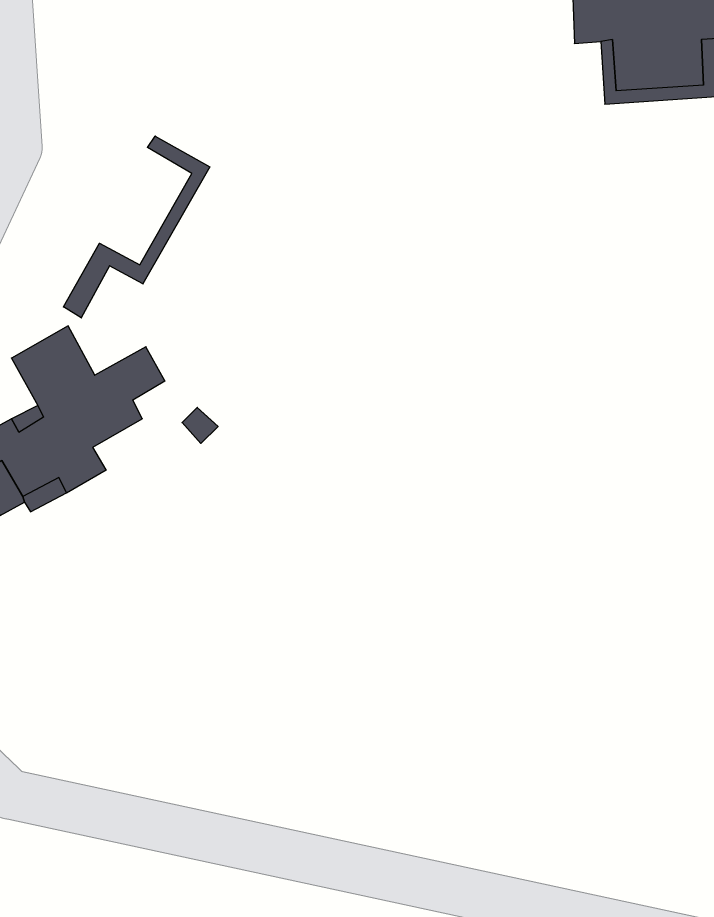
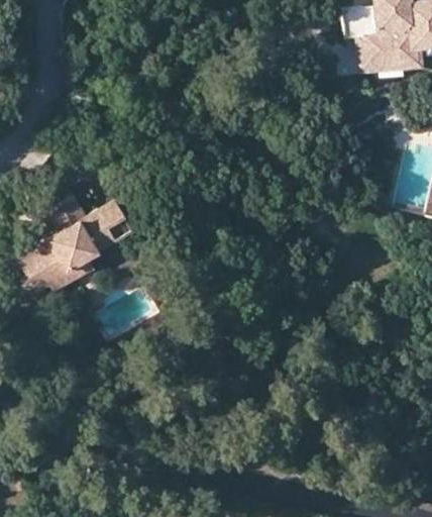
building: [63,136,210,318] -> none

